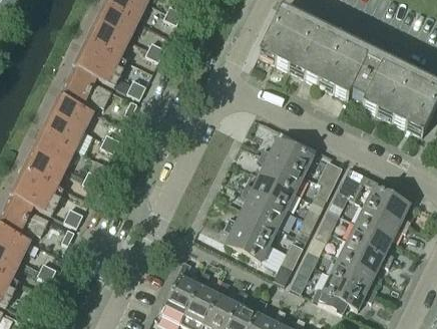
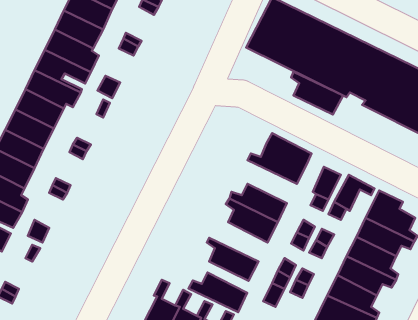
building: [258,153,304,192] -> [291,72,343,115]
building: [226,209,278,244] -> [188,273,247,312]

